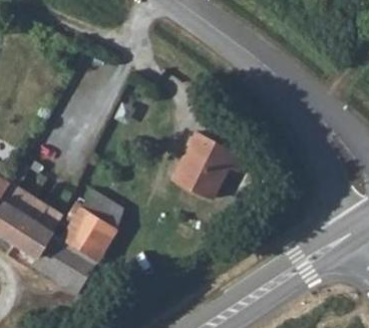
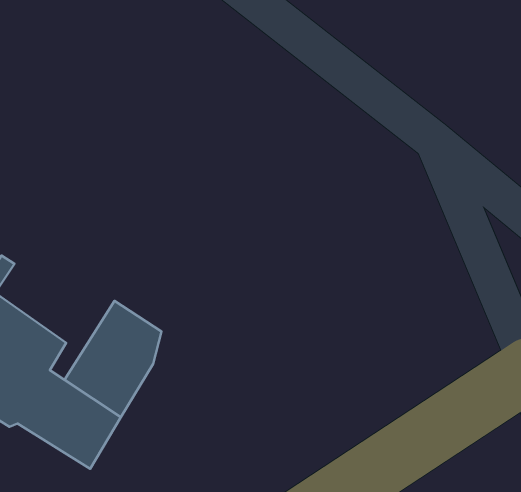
building: [173,132,244,198] -> none

